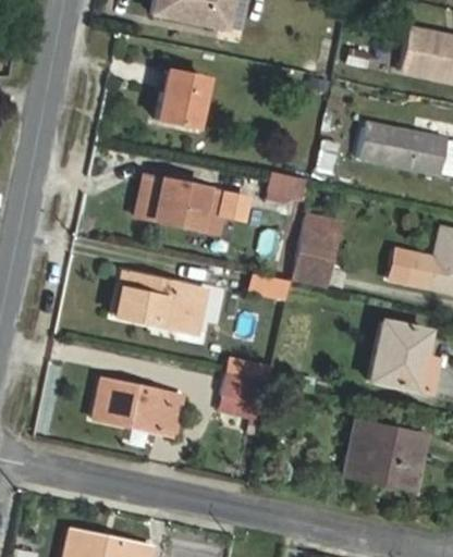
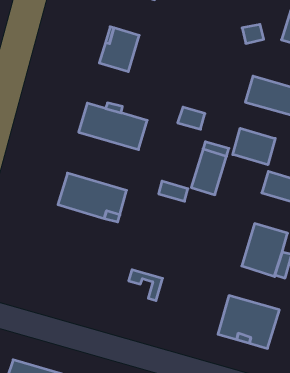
building: none -> [233,128,275,165]
building: [222,372,270,405] -> none
building: [94,379,184,436] -> none

